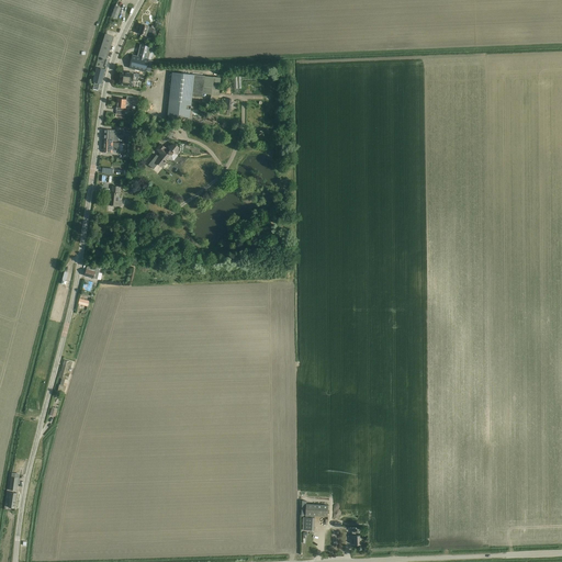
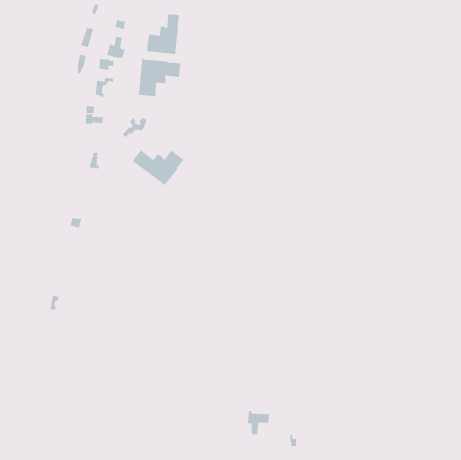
building: none -> [147,14,179,55]
building: none -> [132,150,184,186]

